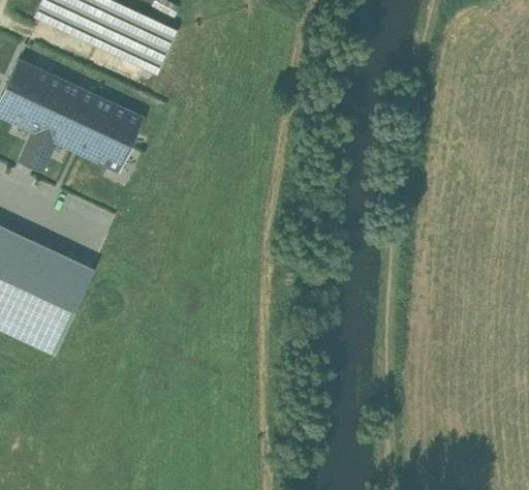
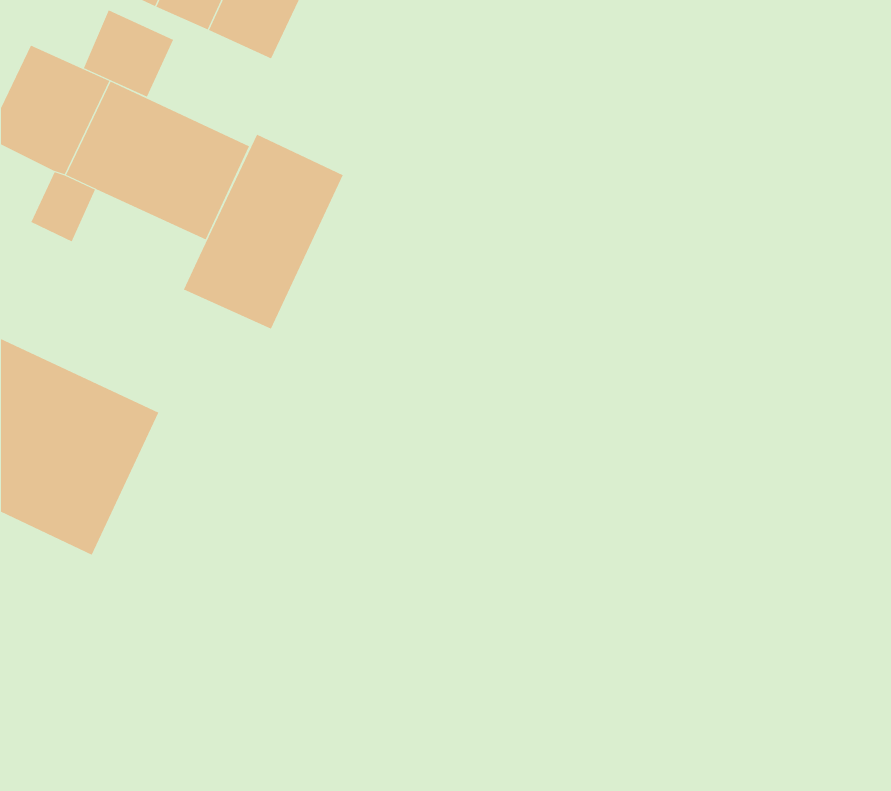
building: none -> [83,10,174,97]
building: none -> [183,134,343,329]

